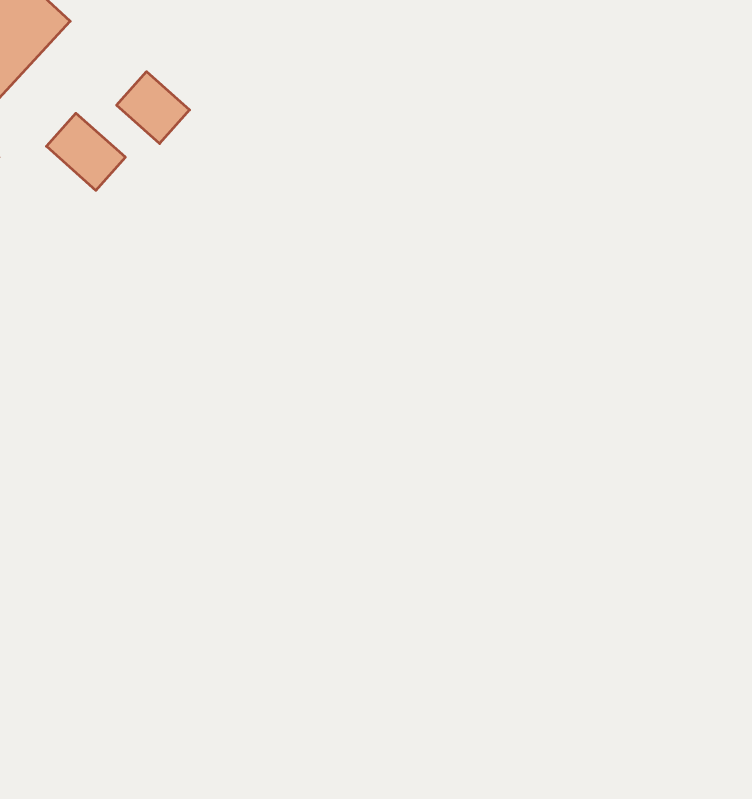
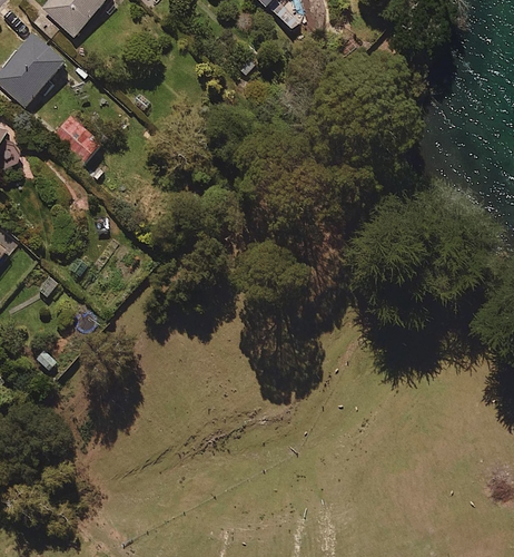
building: [117,72,190,144] -> none

